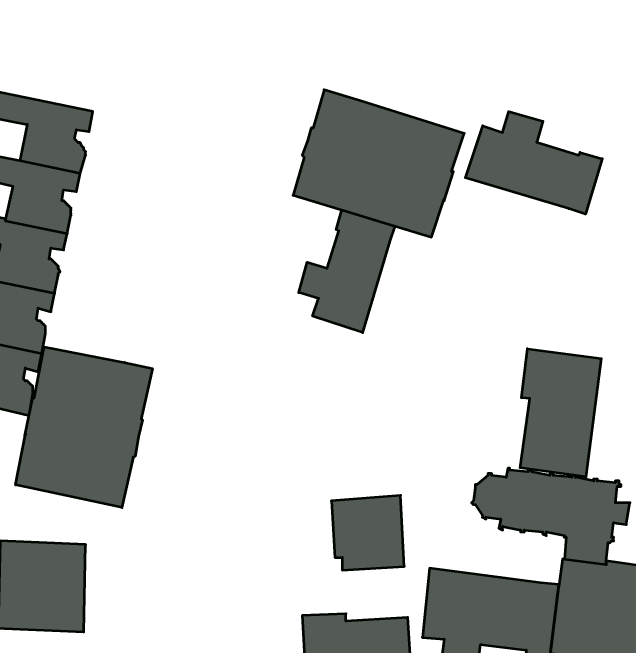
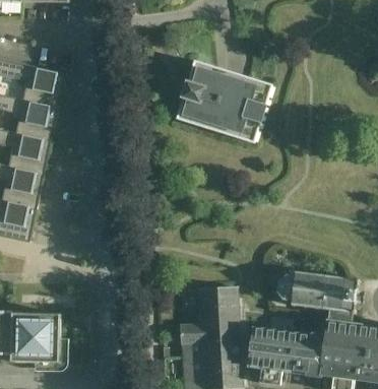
building: [465,112,602,214] -> none
building: [299,210,395,333] -> none
building: [16,347,152,508] -> none
building: [520,349,601,477] -> none
building: none -> [180,321,240,356]

